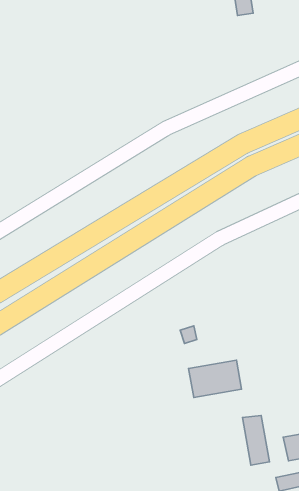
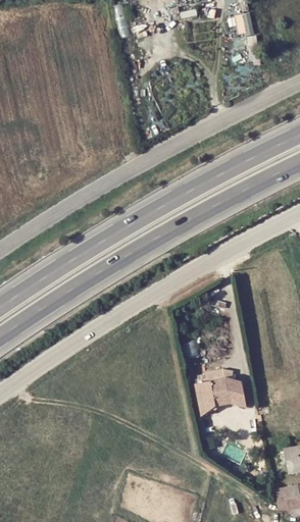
building: [243,415,269,465] -> none

